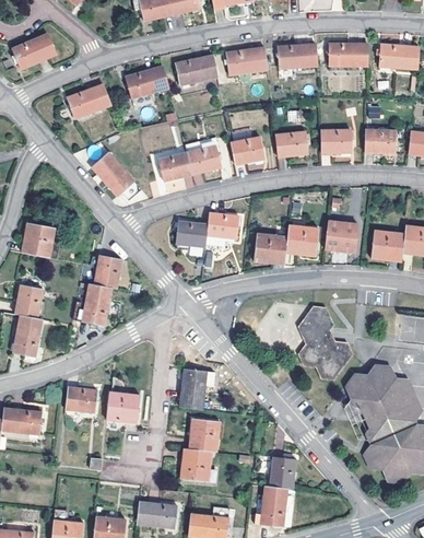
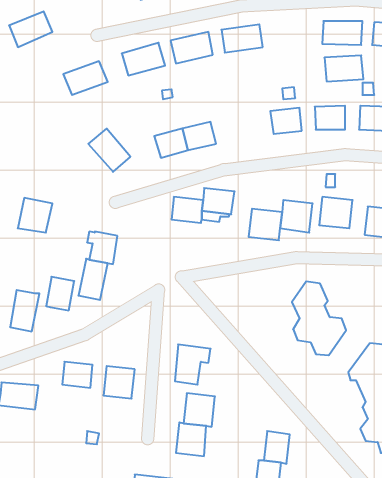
building: [278,43,317,69] -> [324,55,363,81]
building: [231,136,264,164] -> none
building: [15,283,44,317] -> [46,277,74,310]

